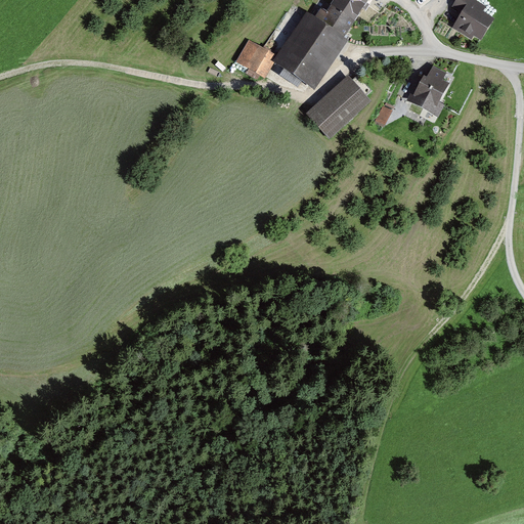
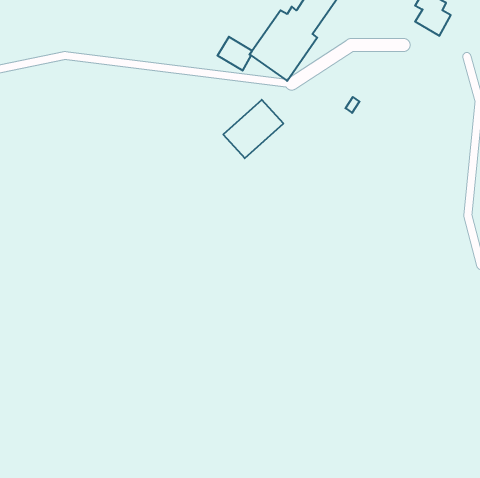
building: [408,64,447,116] -> none
building: [307,76,373,139] -> [223,100,283,158]

